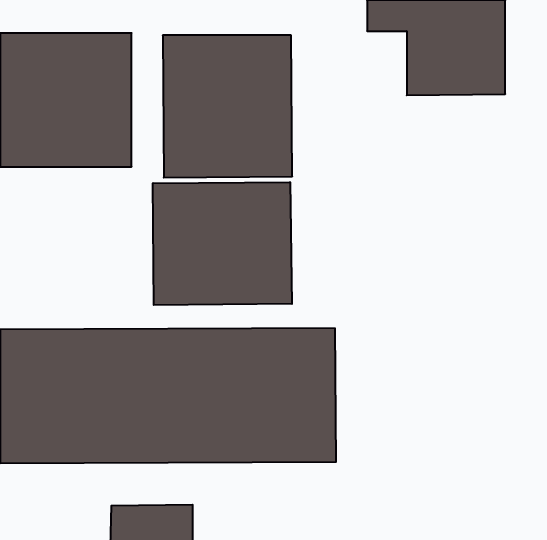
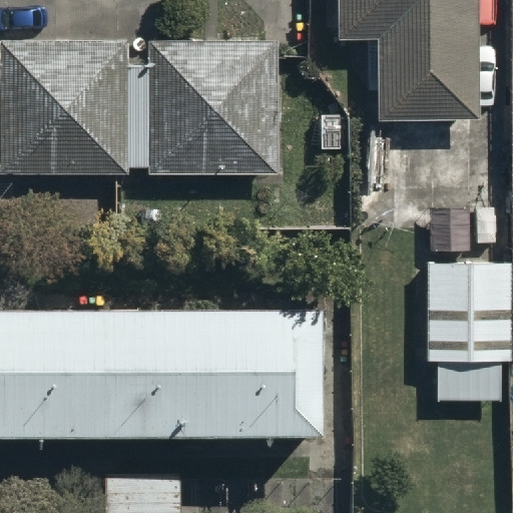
building: [153,182,292,305] -> none
building: none -> [432,265,505,350]

